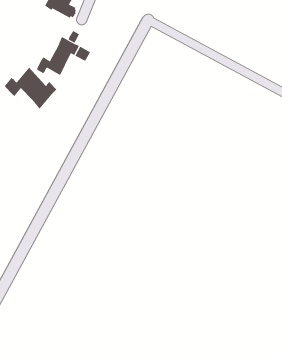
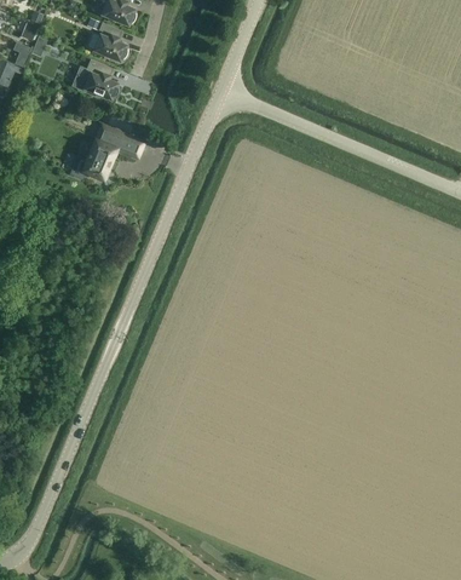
building: [4,67,57,109] -> none

